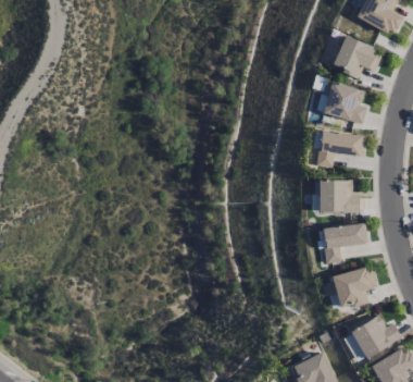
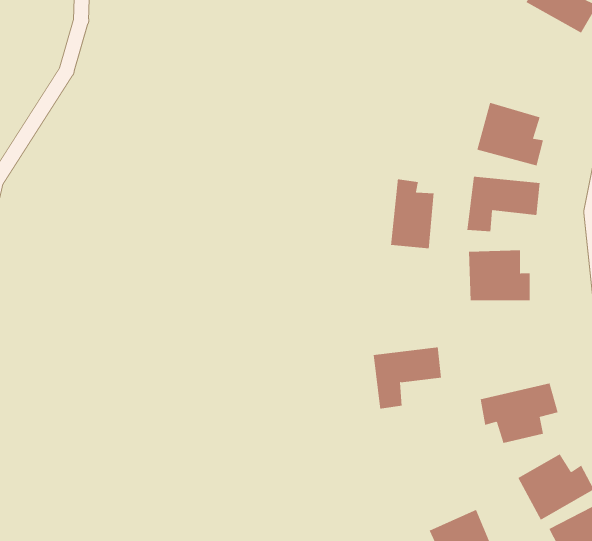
building: [331,36,383,78] -> none
building: none -> [391,179,434,249]
building: [322,223,367,264] -> [373,347,442,409]

